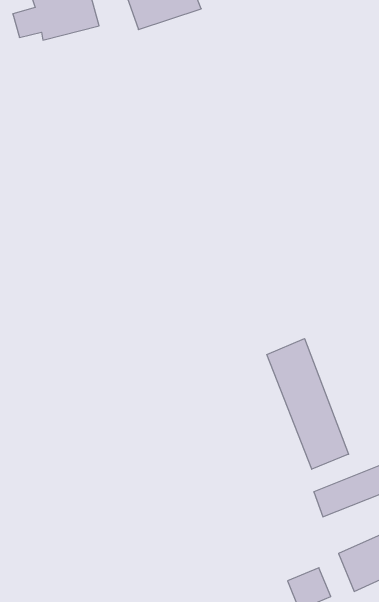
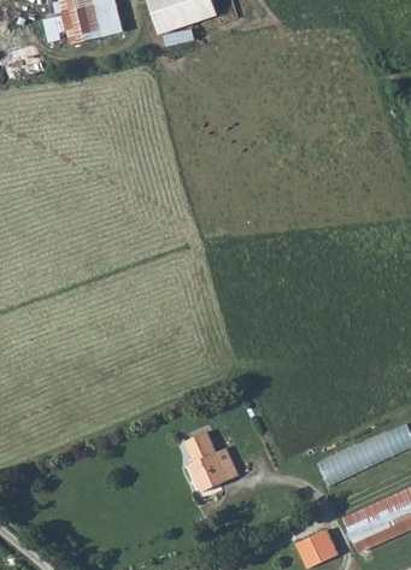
building: [267,339,349,469] -> none
building: none -> [184,429,228,490]

